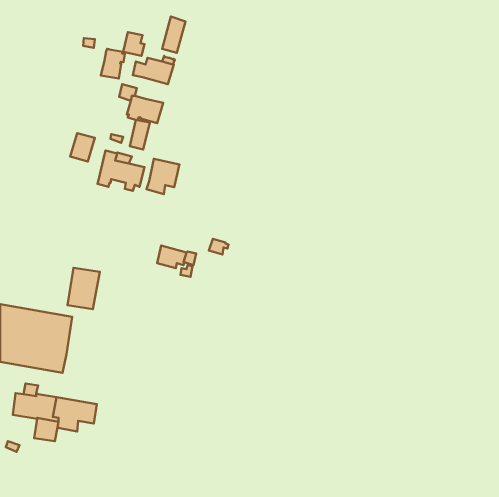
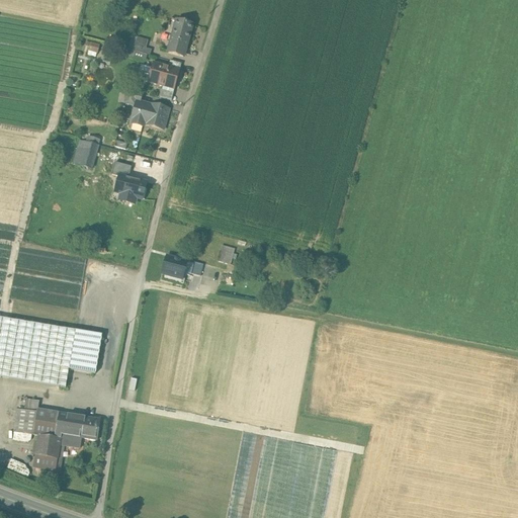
building: [101,49,125,78] -> none
building: [130,120,150,149] -> none
building: [146,159,180,194] -> none
building: [68,268,100,309] -> [69,328,102,370]
building: none -> [33,442,64,469]

